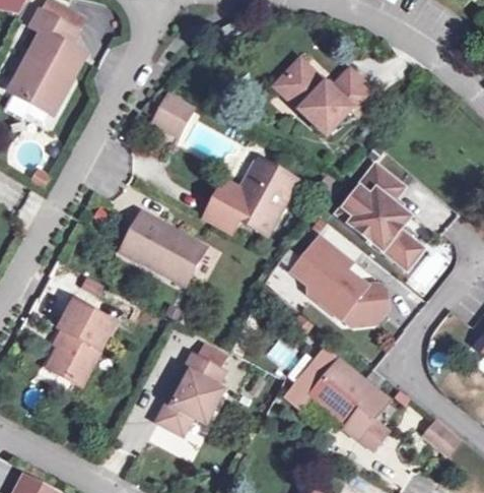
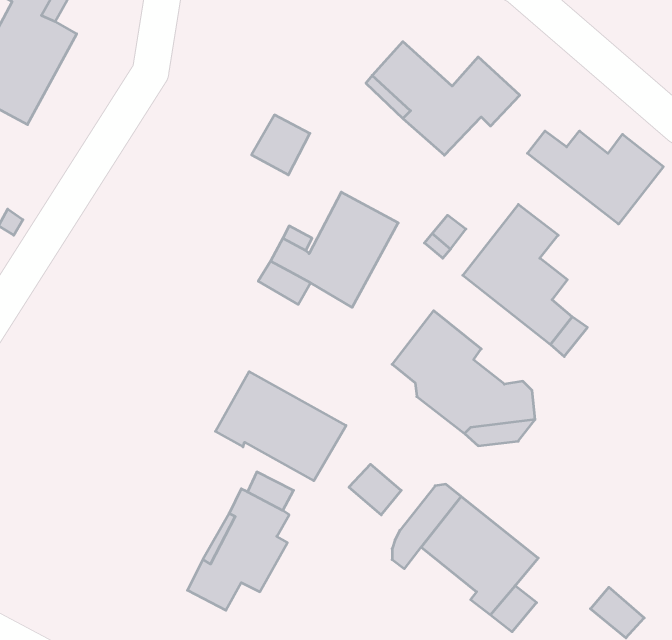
building: [152,96,191,135] -> [252,115,310,175]
building: none -> [527,131,663,224]
building: [119,211,205,284] -> [215,372,346,481]
building: [47,300,114,384] -> none

